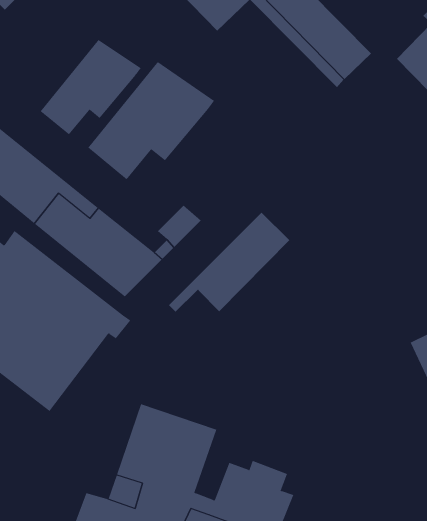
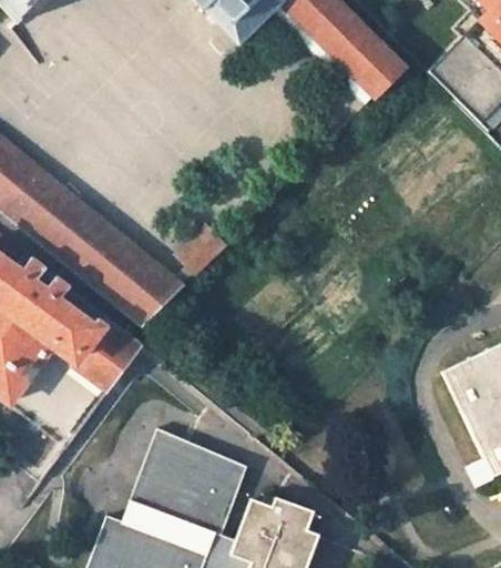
building: [40,39,141,135] -> none
building: [87,61,215,180] -> none
building: [168,212,290,313] -> none

